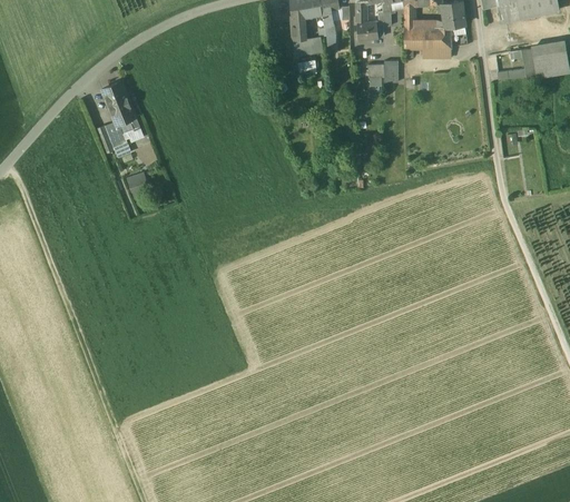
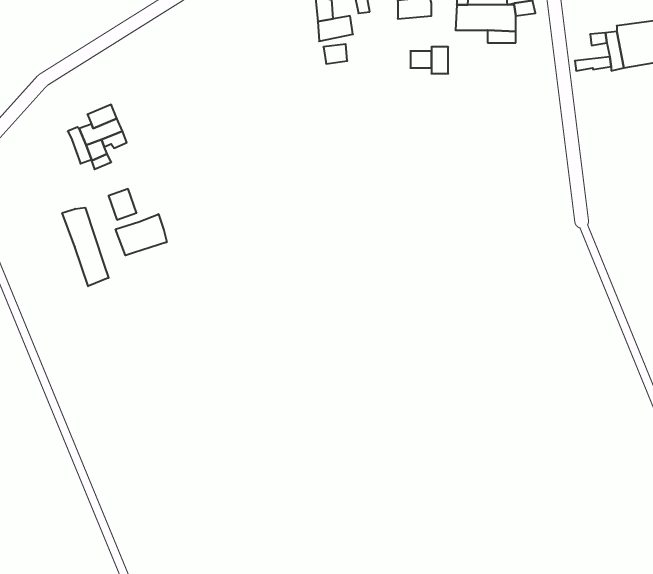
building: [101,81,130,114] -> none
building: none -> [62,208,109,286]
building: none -> [116,214,167,255]

